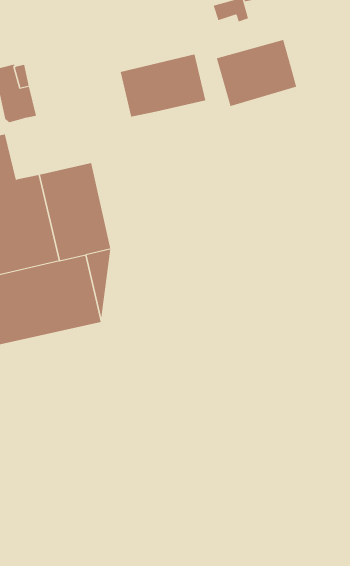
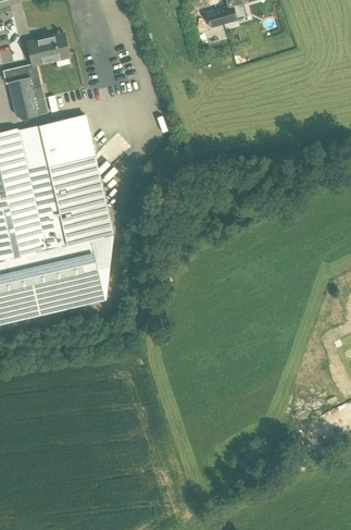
building: none -> [28,35,68,64]
building: [216,39,297,107] -> none
building: [120,54,206,117] -> [17,113,96,171]

